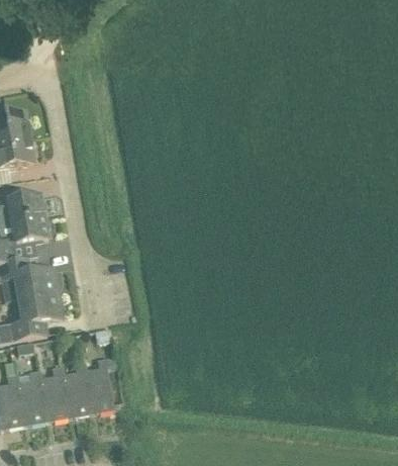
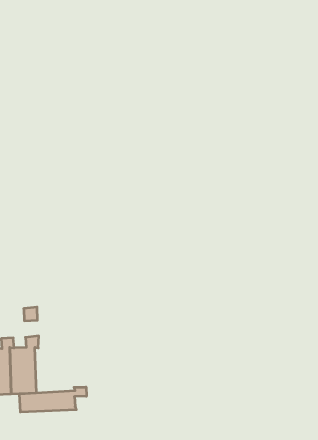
building: none -> [20,387,86,412]

